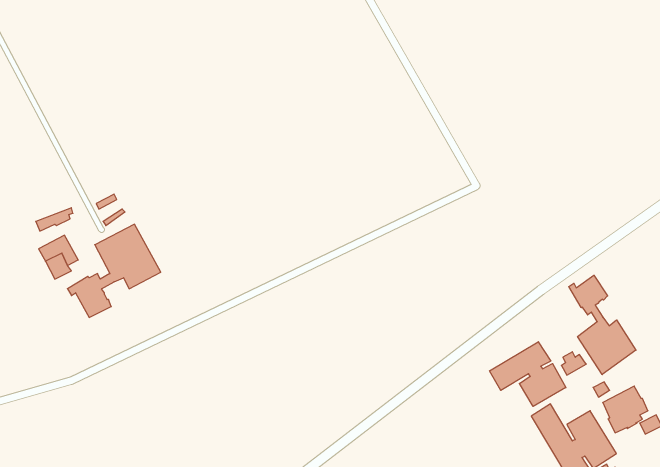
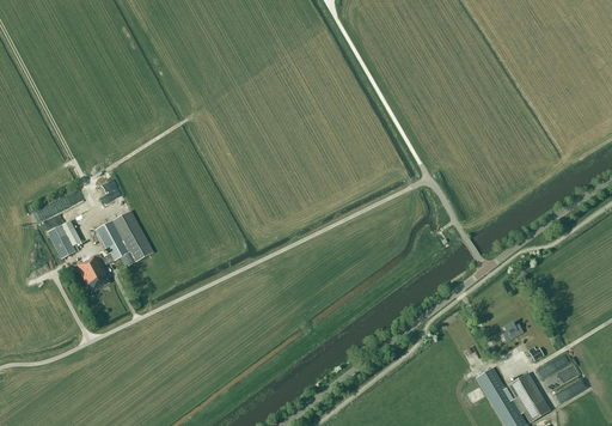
building: [569,275,636,375] -> none
building: [490,342,566,406] -> none

